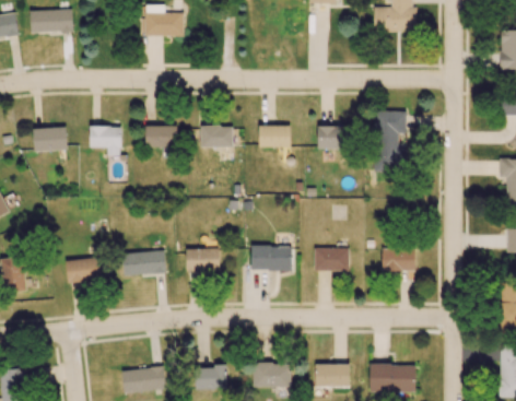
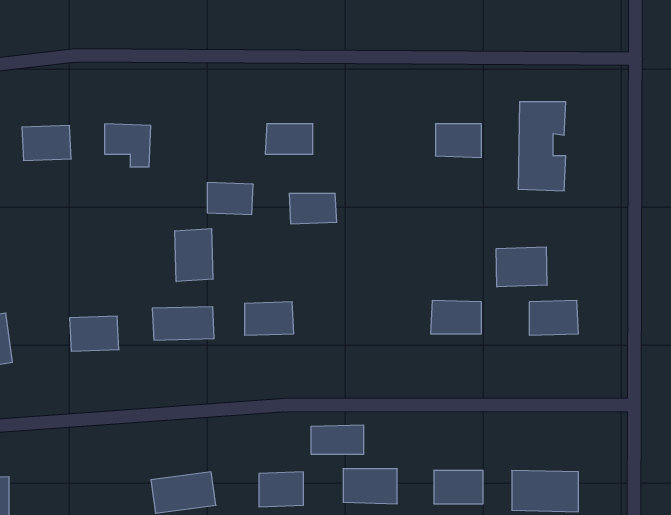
building: [145,125,177,146] -> [207,183,253,214]
building: [258,126,291,146] -> [289,194,337,224]
building: none -> [175,229,213,282]
building: none -> [496,247,547,287]
building: [250,245,292,270] -> none
building: none -> [311,425,364,454]

